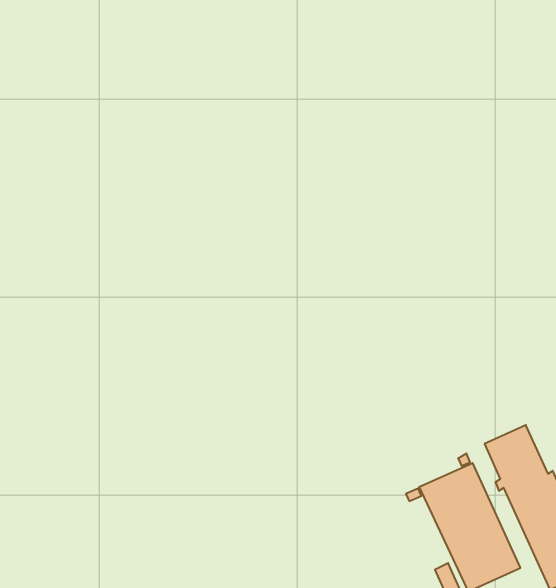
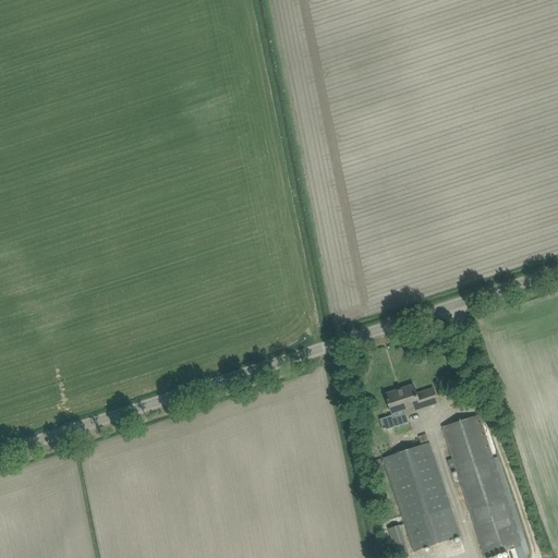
building: none -> [380,383,437,428]

